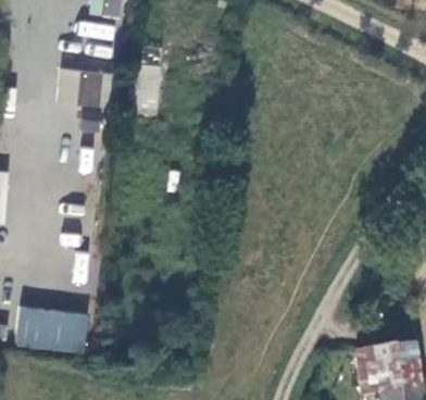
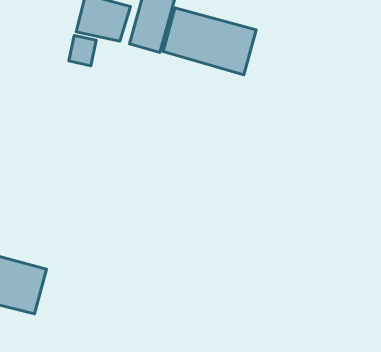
building: none -> [163,8,256,75]

